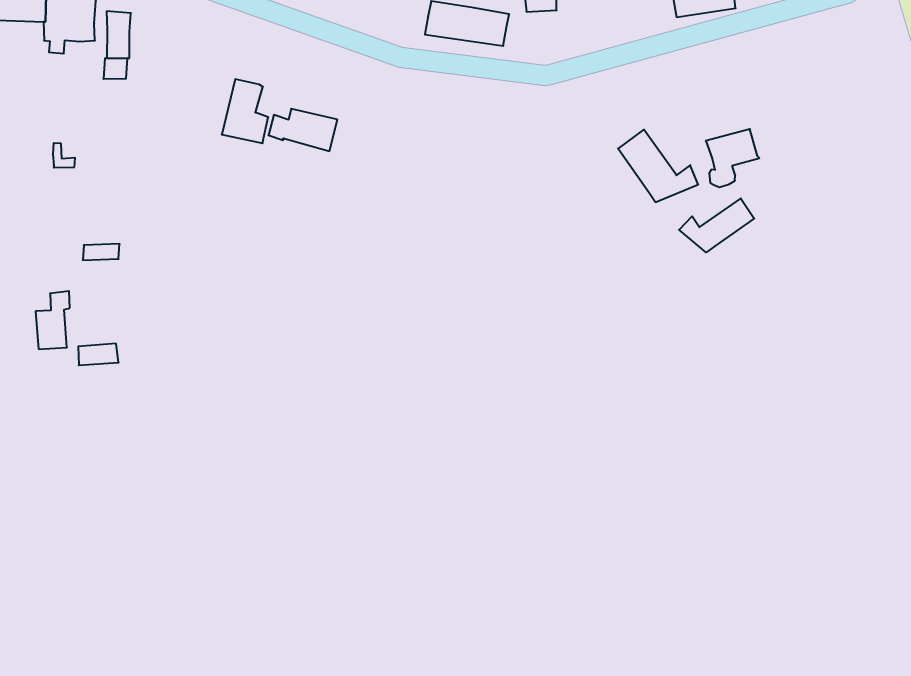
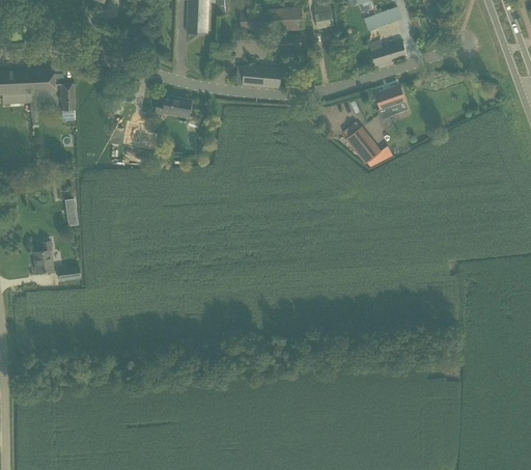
building: [268,109,337,151] -> [153,95,191,117]
building: [706,129,759,187] -> [374,86,404,119]
building: [679,198,754,252] -> none

